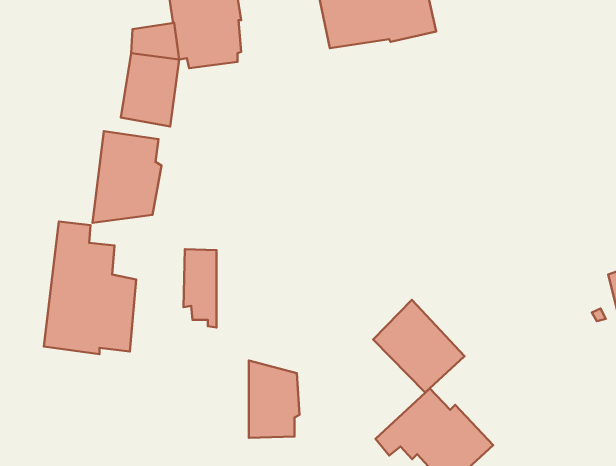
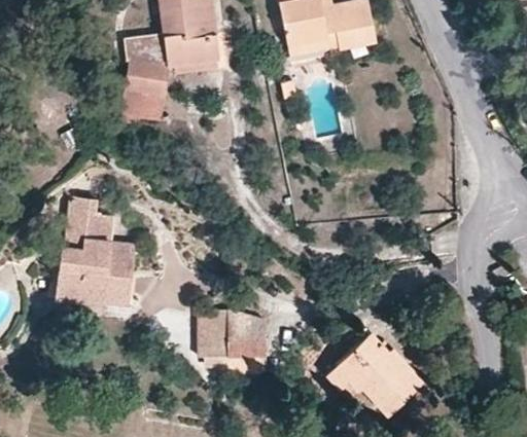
building: [93,131,161,223] -> none
building: [184,249,217,327] -> [198,309,224,373]
building: [373,300,464,393] -> none

